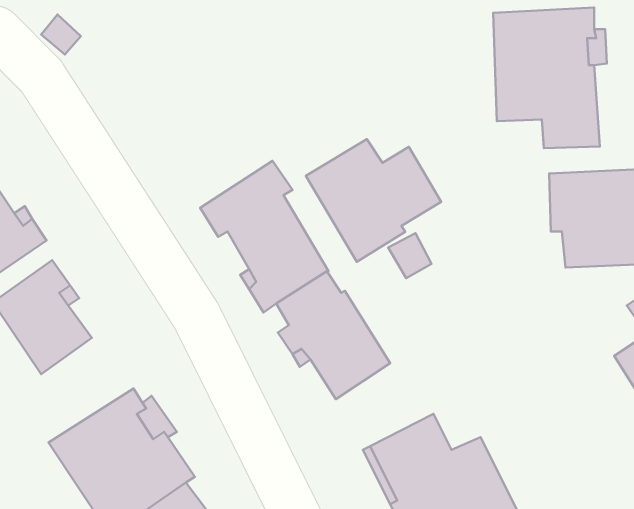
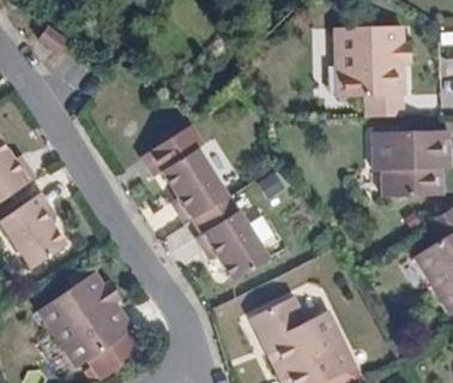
building: [306,139,441,262] -> none

